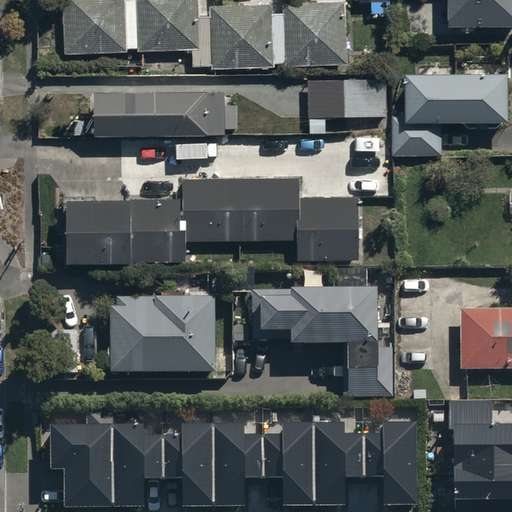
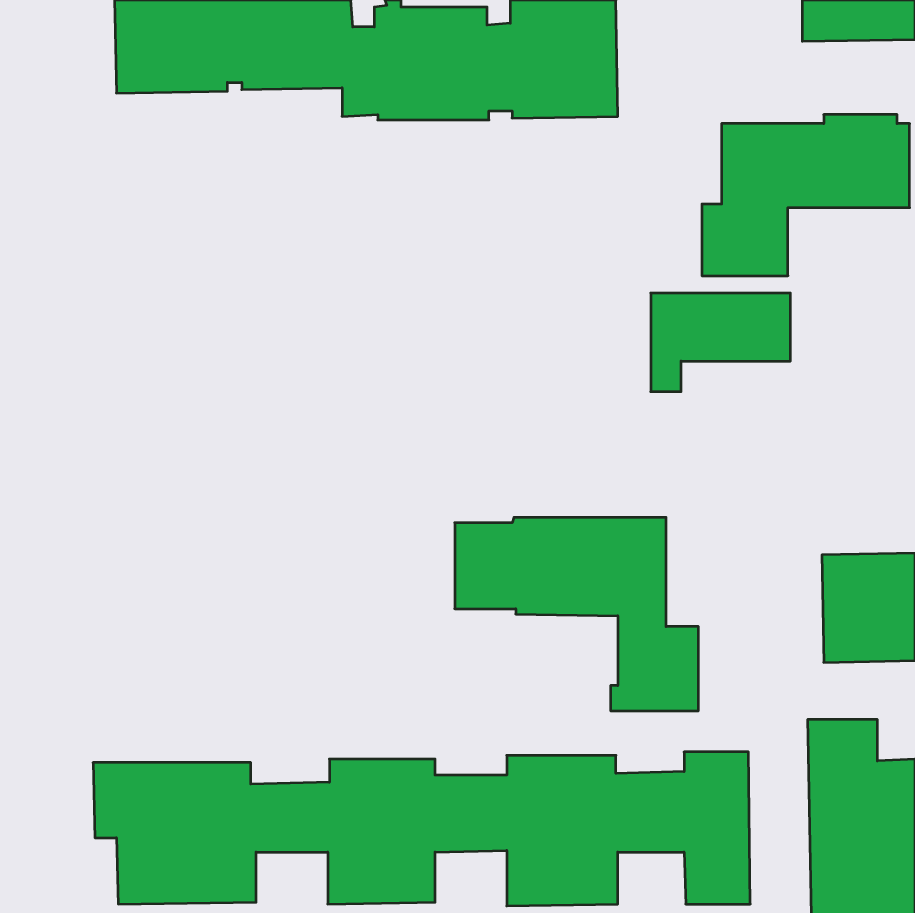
building: [308,78,386,133] -> [651,293,790,392]
building: [94,90,237,133] -> none
building: [67,177,356,262] -> none
building: [111,297,216,374] -> none

